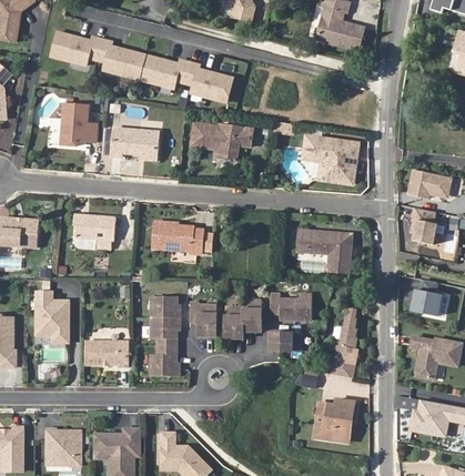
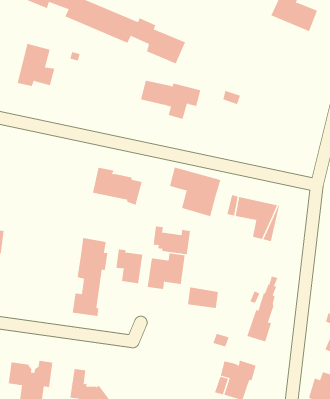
building: [111,128,159,155] -> none
building: [304,135,357,182] -> [169,167,221,217]
building: [71,213,112,249] -> none
building: [270,294,307,320] -> [153,226,191,255]
building: [84,341,129,367] -> none

